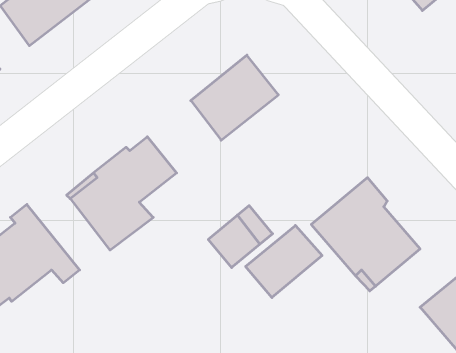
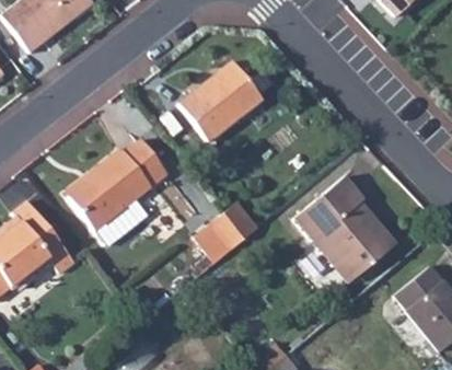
building: [246,225,322,298] -> none

